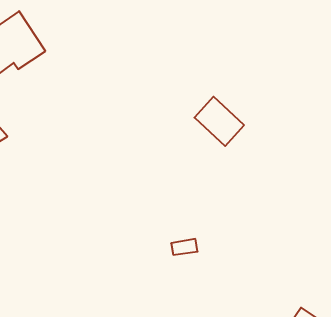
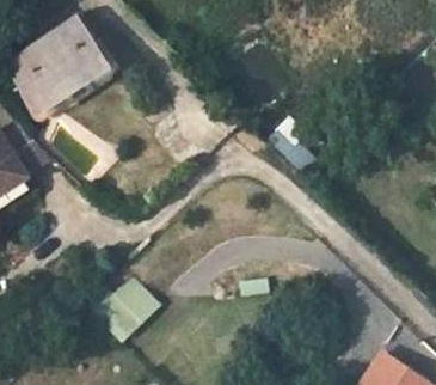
building: none -> [93,280,156,334]

